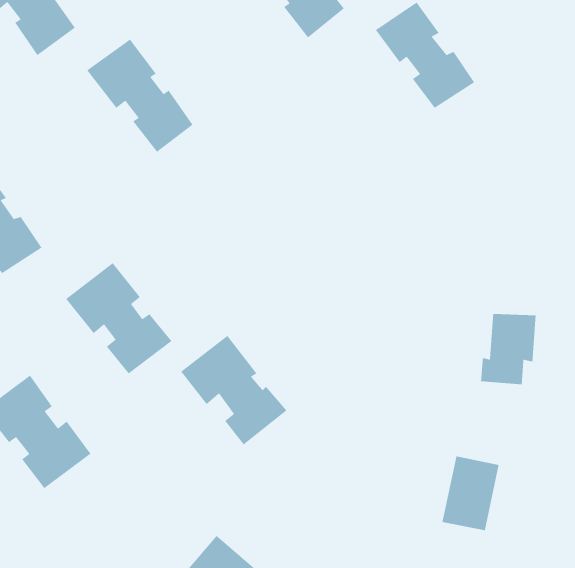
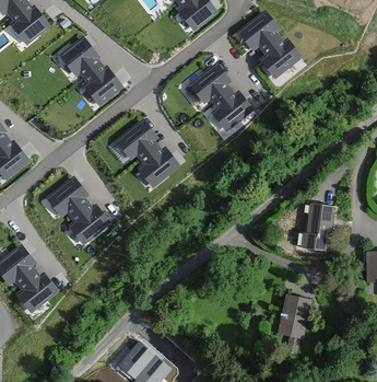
building: none -> [189,65,252,131]
building: [180,335,287,446] -> [113,116,179,185]

